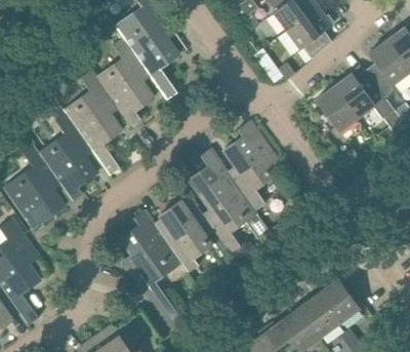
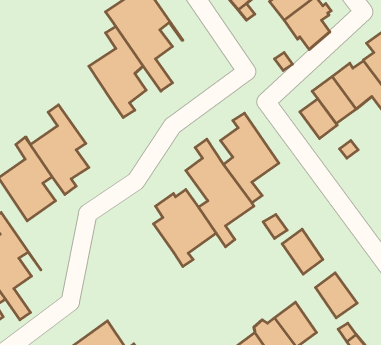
building: [63,70,120,175] -> none
building: none -> [300,99,337,138]
building: [112,210,183,331] -> none
building: [298,294,338,338] -> [282,229,323,274]

